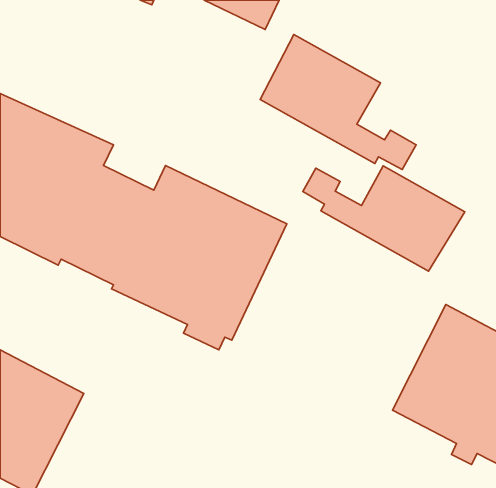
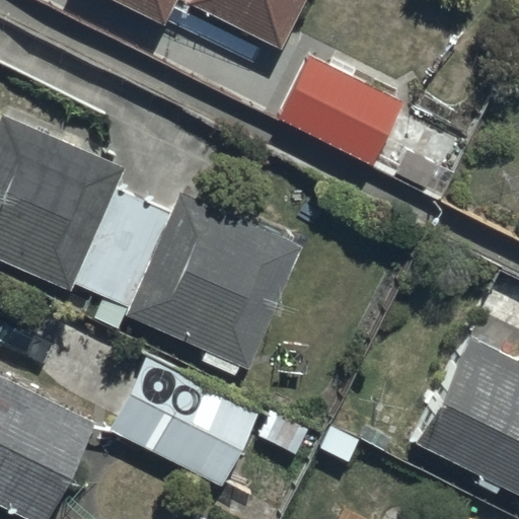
building: [303,166,465,271] -> none
building: none -> [108,353,260,486]

